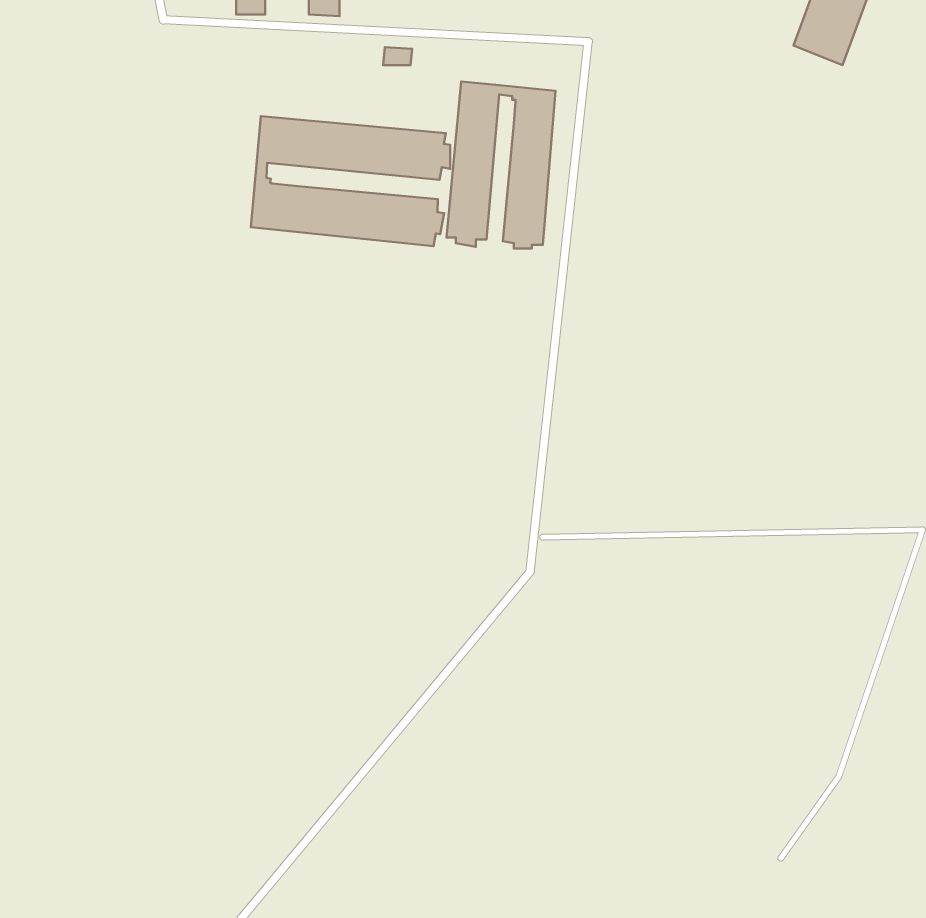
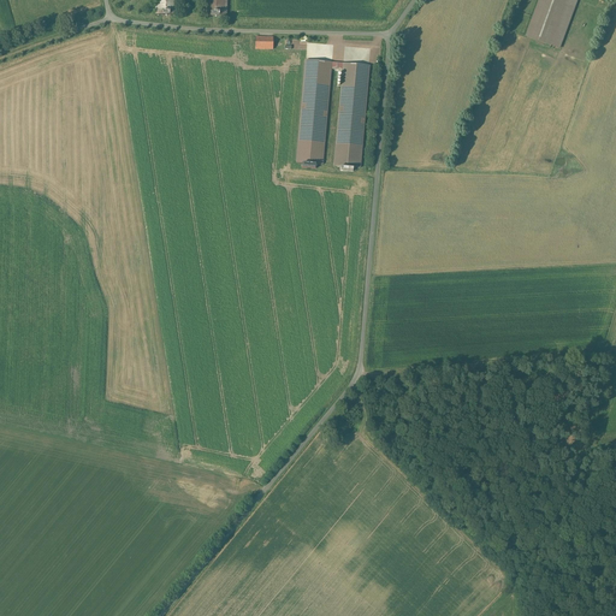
building: [251,116,450,246] -> none

